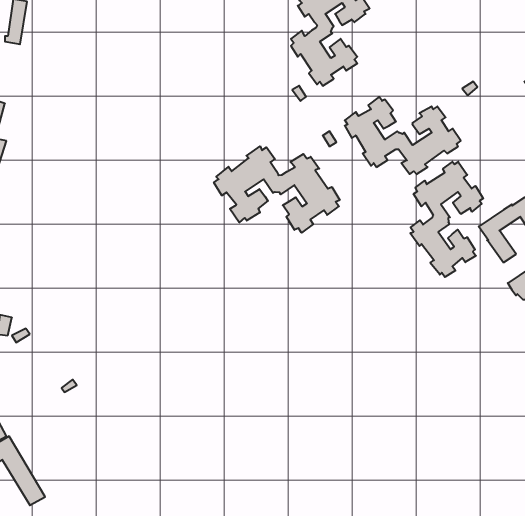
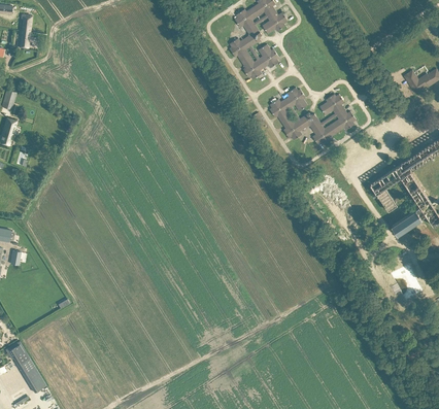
building: [214,146,340,233] -> none
building: [410,162,483,277] -> none

